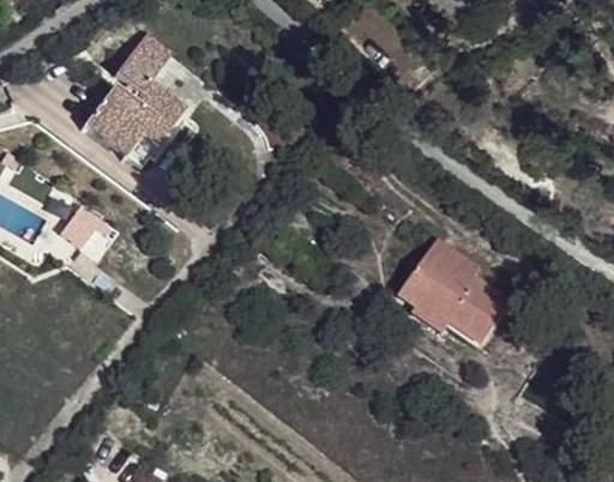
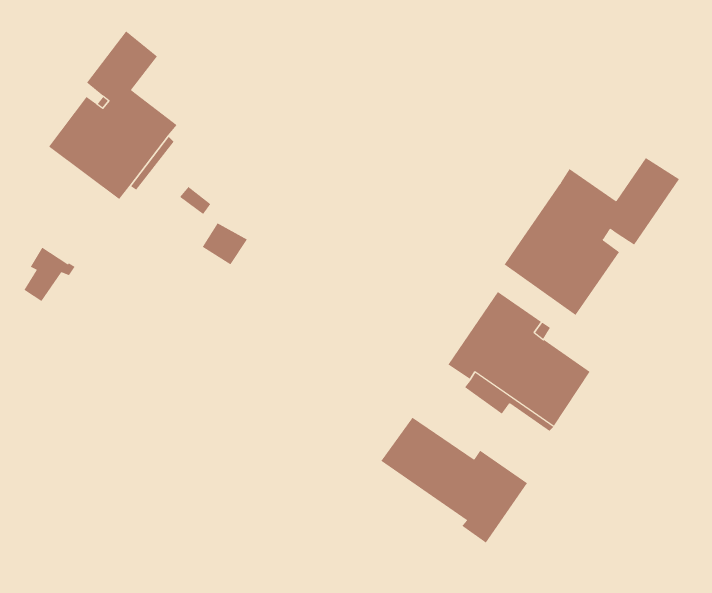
building: none -> [504,157,680,316]
building: none -> [380,417,528,543]

